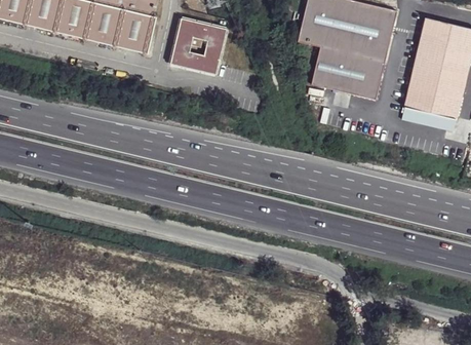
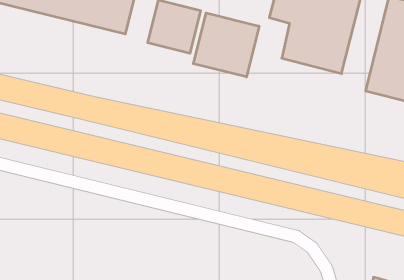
building: none -> [193,13,259,77]

